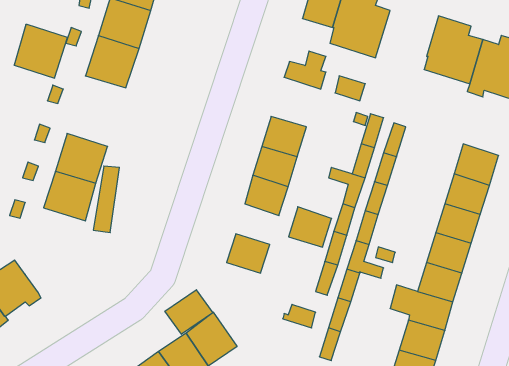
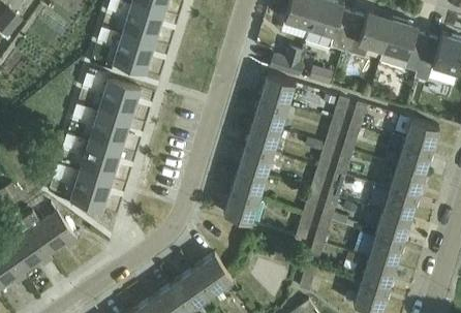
building: none -> [342,10,392,58]
building: [14,25,68,78] -> [98,79,141,121]
building: none -> [259,73,295,105]
building: [289,207,332,247] -> [232,166,266,198]
building: none -> [69,169,113,212]
building: [165,290,213,334] -> none

